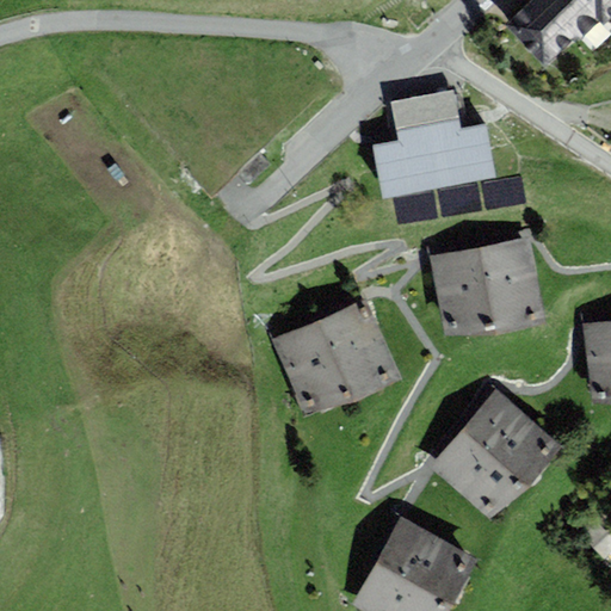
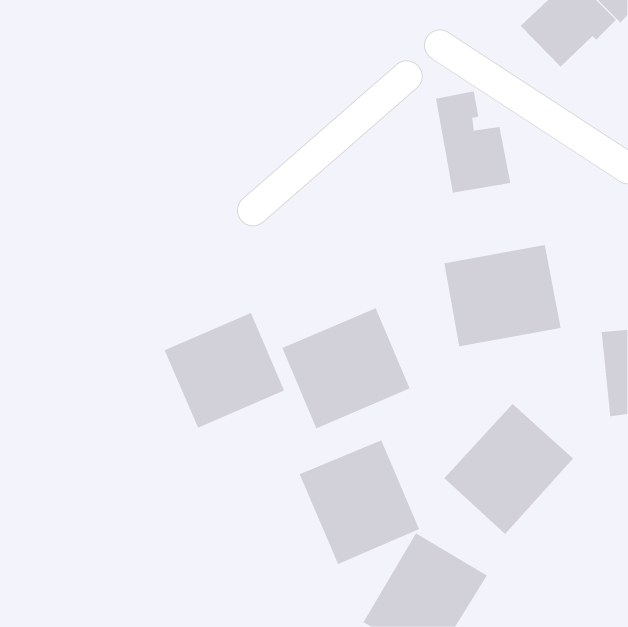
building: [374,95,439,197] -> none
building: none -> [164,312,285,429]
building: none -> [299,440,420,565]

